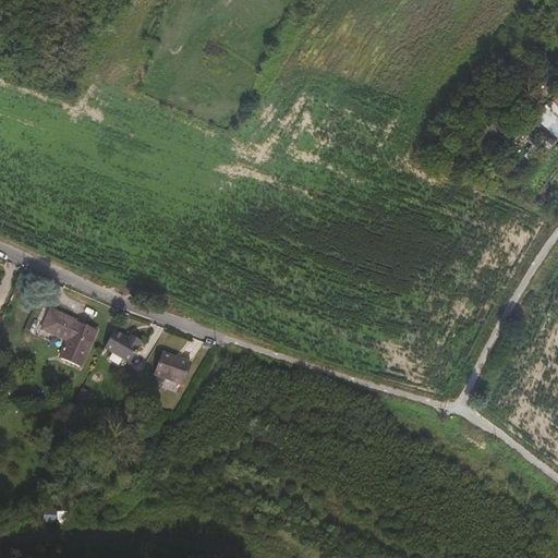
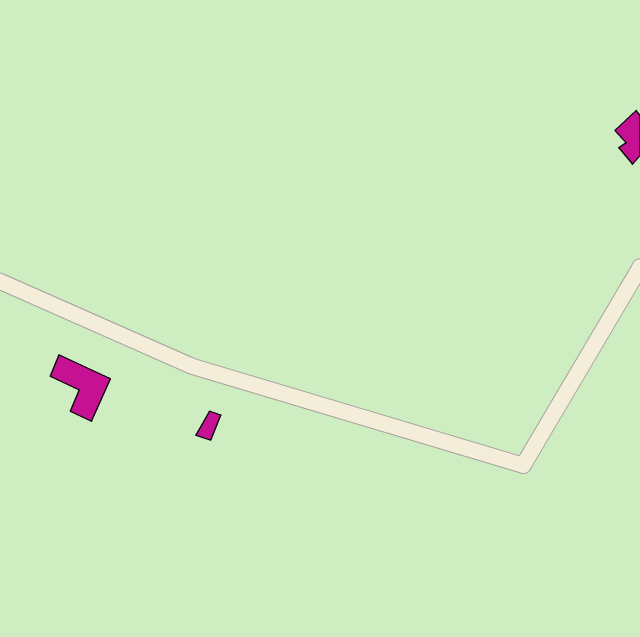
building: [105,329,143,362] -> none
building: [155,350,182,378] -> none

